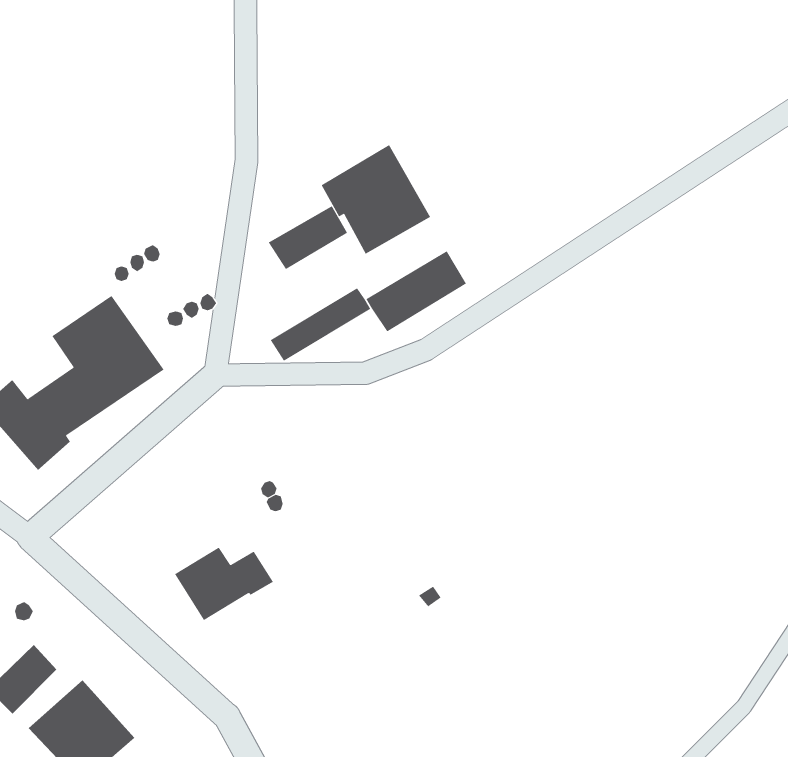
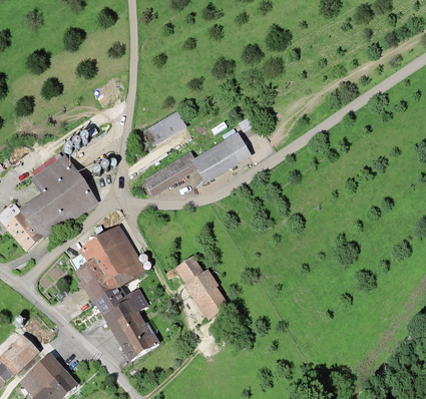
building: [321,144,431,255] -> none
building: none -> [70,230,134,302]
building: none -> [177,259,227,318]
building: none -> [111,312,158,360]

